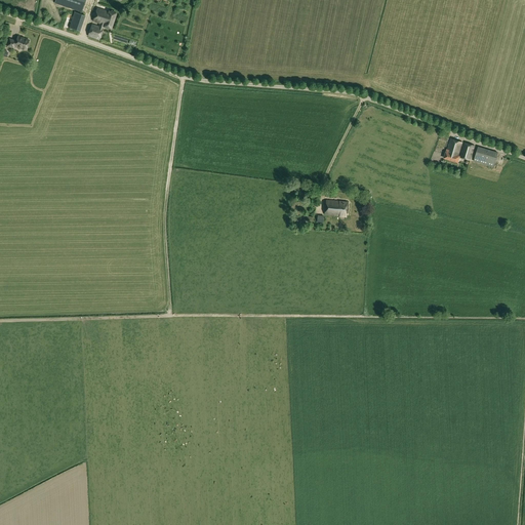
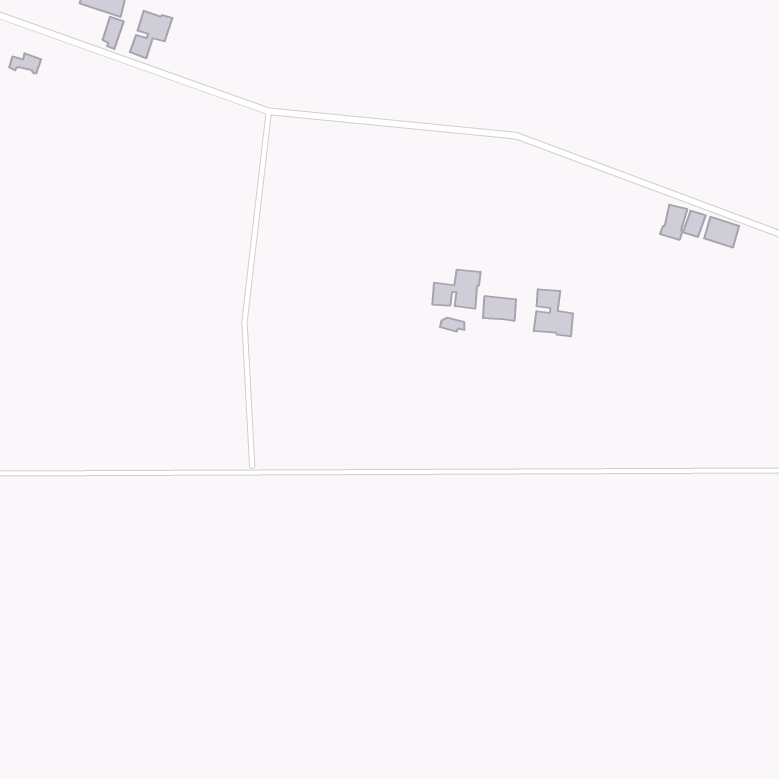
building: none -> [433,270,481,309]
building: none -> [534,289,573,337]

